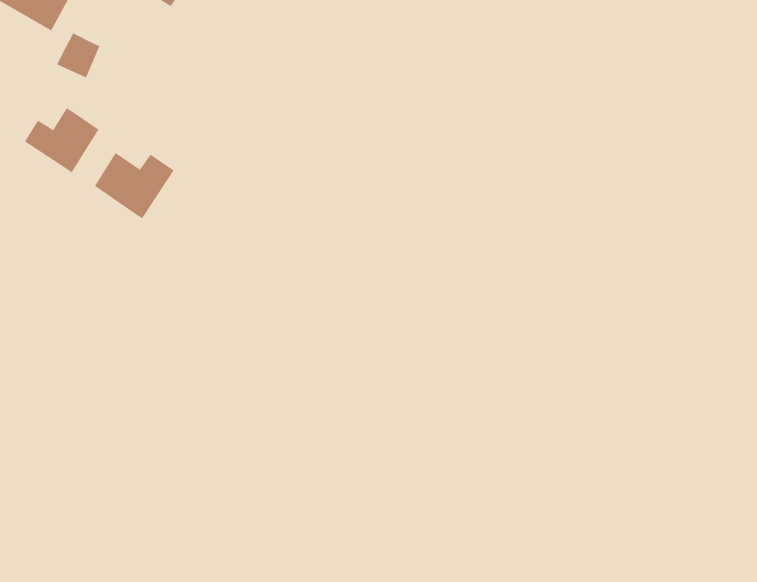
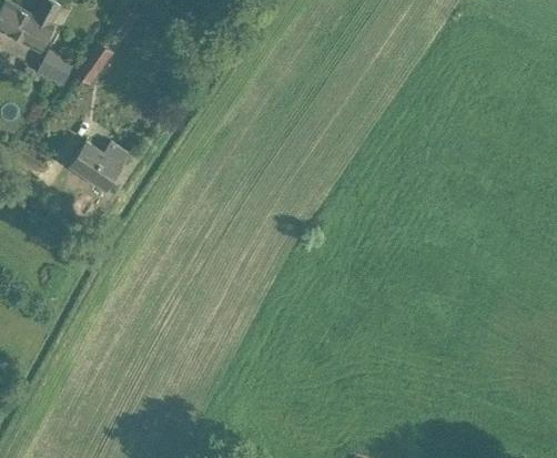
building: none -> [74,42,114,85]
building: [24,107,99,173] -> none

